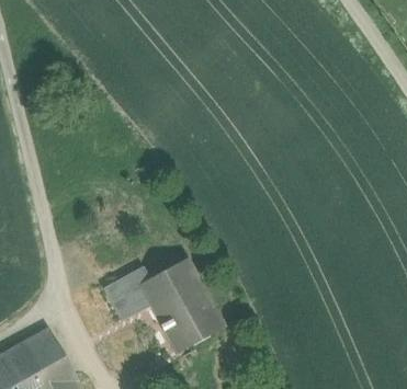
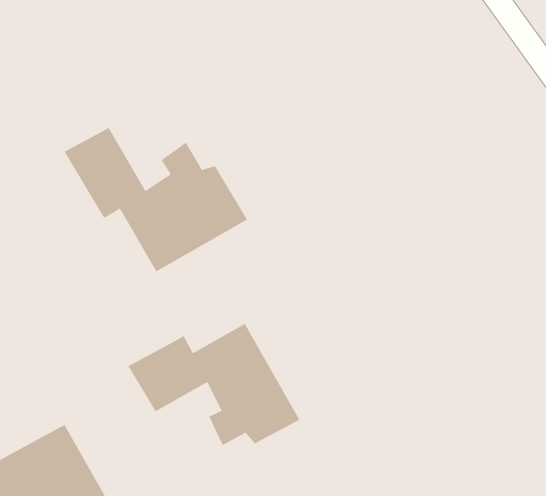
building: none -> [64,127,248,272]

